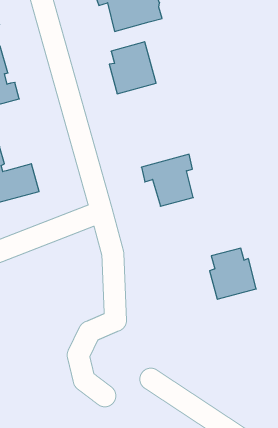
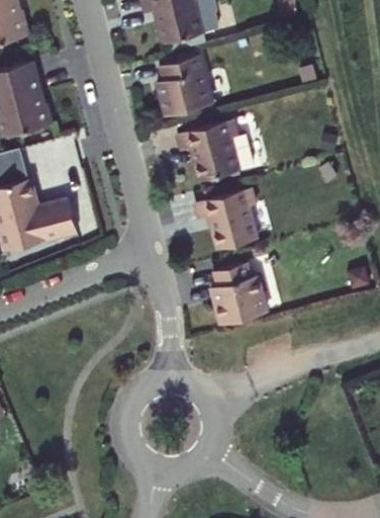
building: none -> [179,119,242,181]
building: [210,248,256,299] -> [211,262,266,322]

